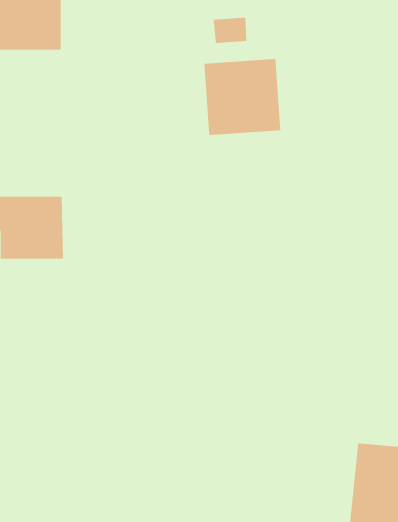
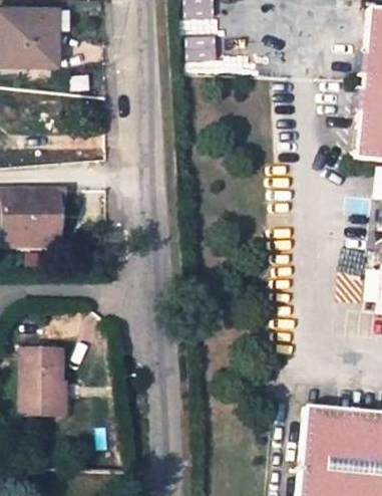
building: [204,58,281,136] -> none
building: none -> [20,350,61,416]

